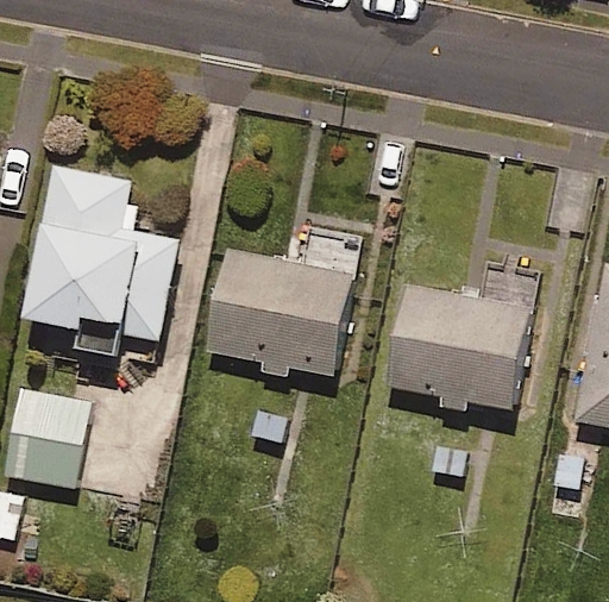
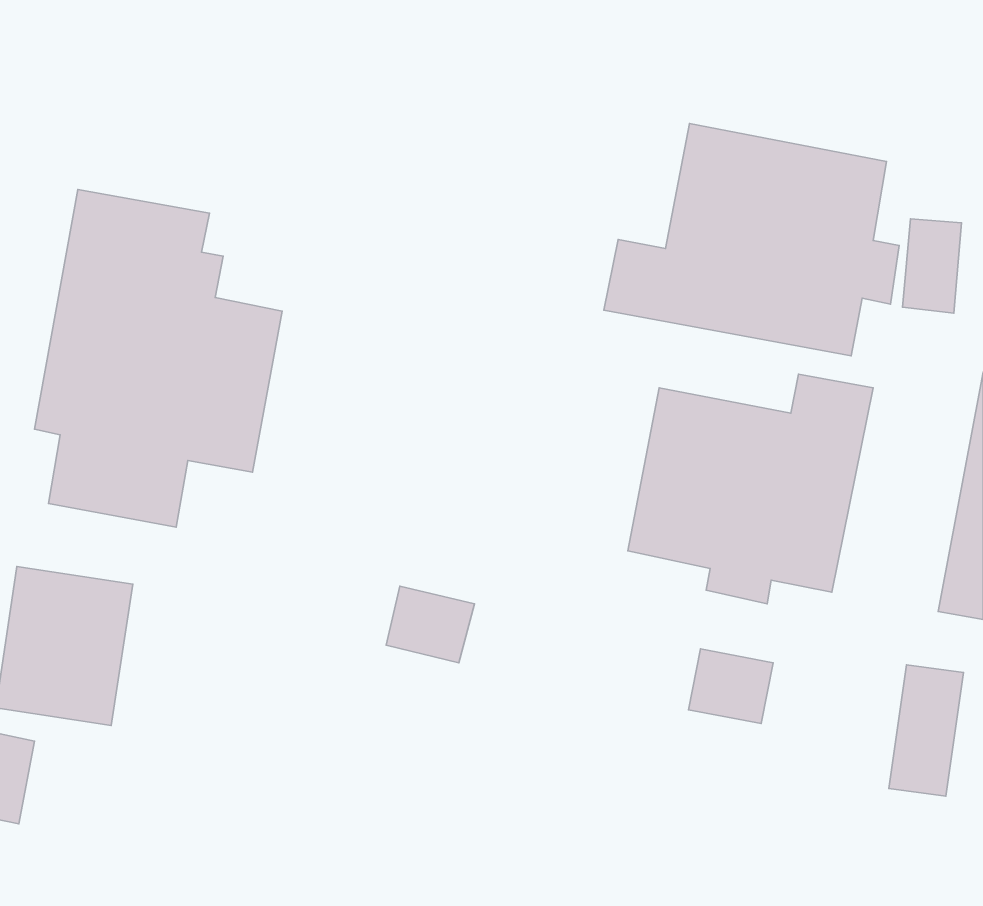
building: none -> [604,124,899,356]
building: [207,238,356,377] -> none

